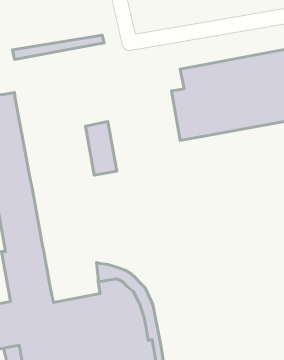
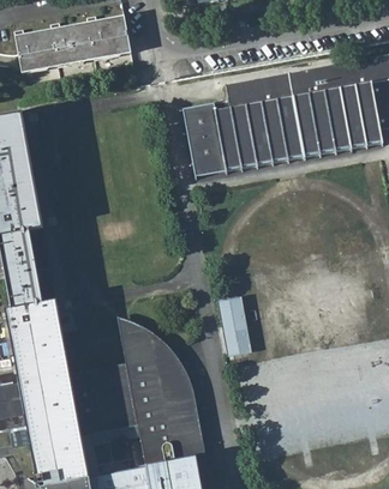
building: none -> [14,16,130,61]
building: [85,121,117,175] -> [187,111,226,177]
building: none -> [219,296,253,356]

